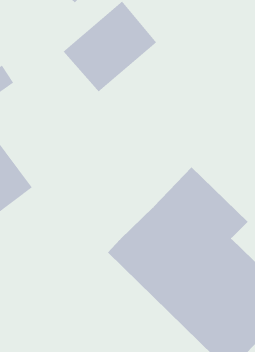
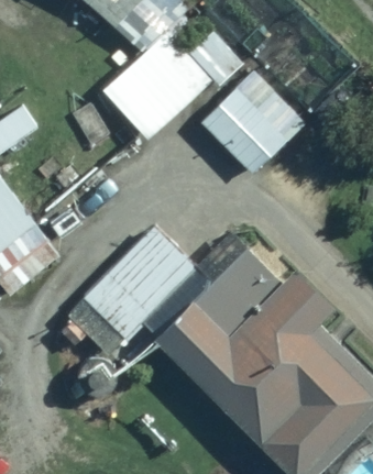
building: none -> [202,74,308,178]
building: none -> [79,224,208,341]

